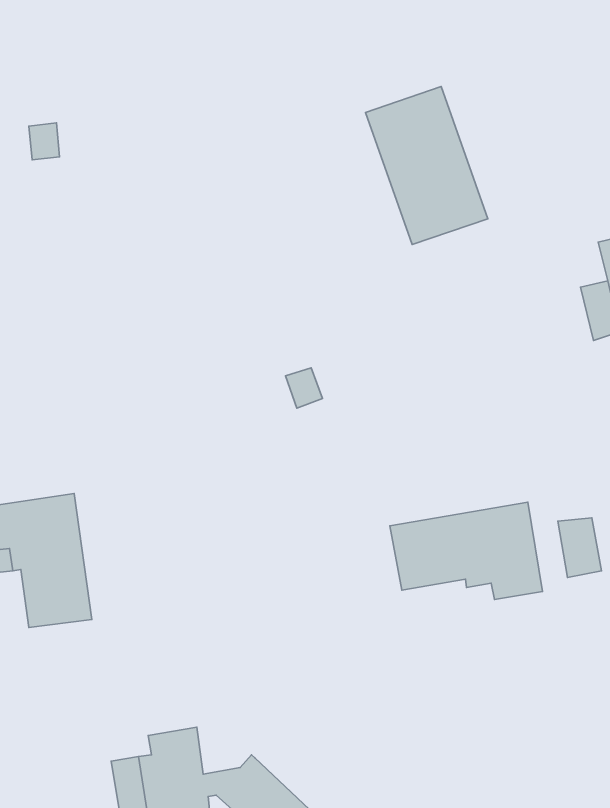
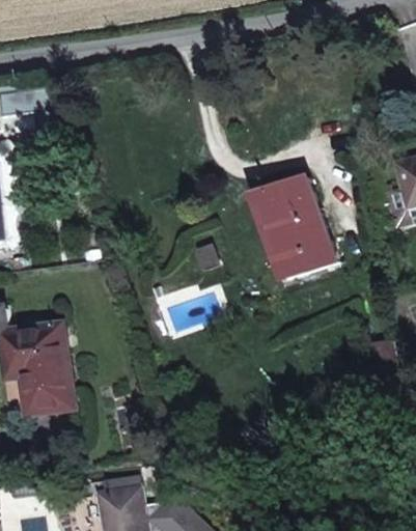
building: [365,87,488,245] -> [257,178,336,280]
building: [390,502,543,600] -> none

